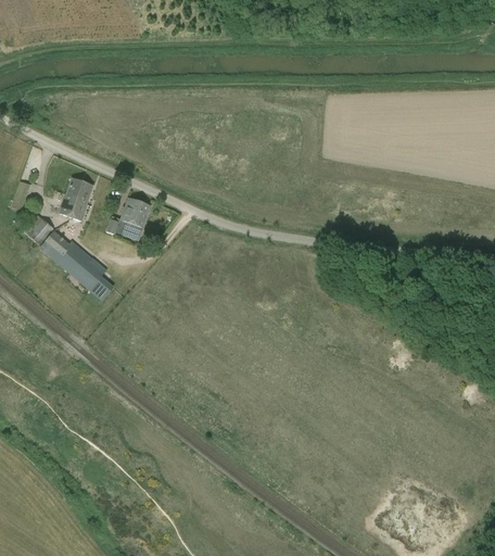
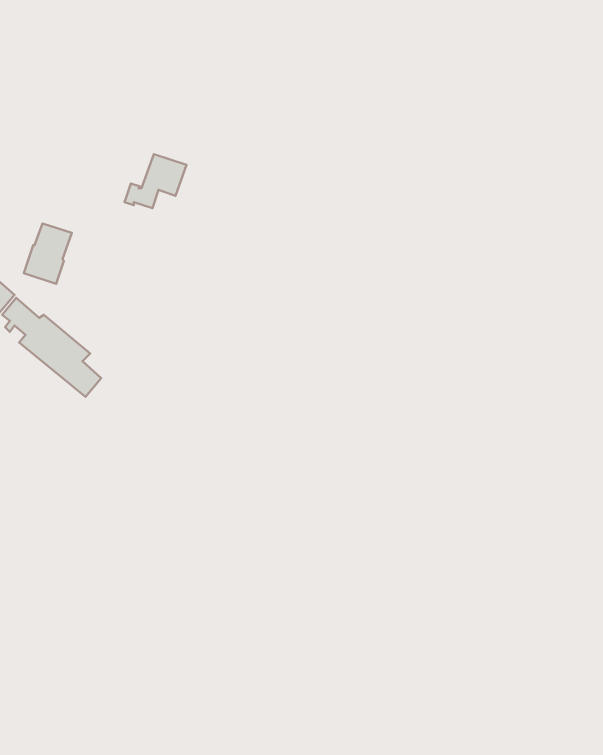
building: [106,198,150,236] -> [125,154,186,208]

